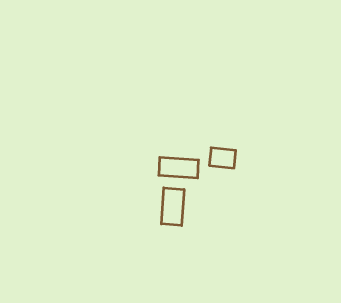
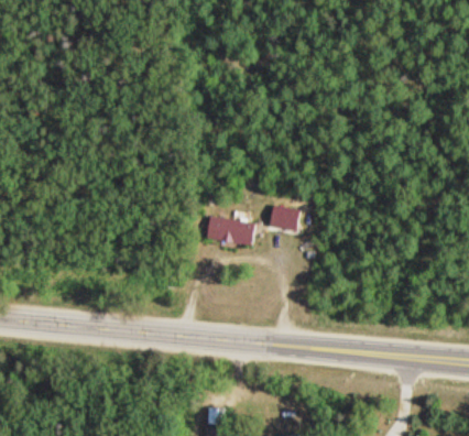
building: [161,188,184,226] -> none

